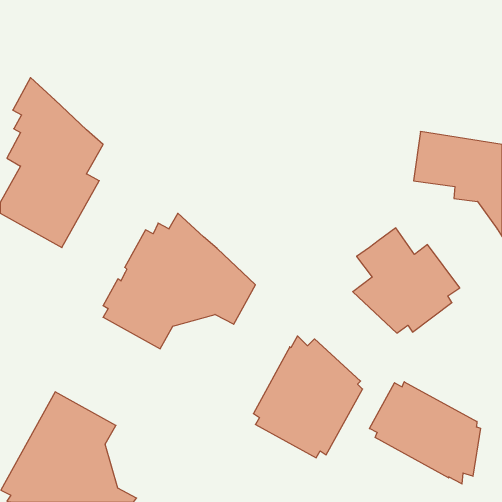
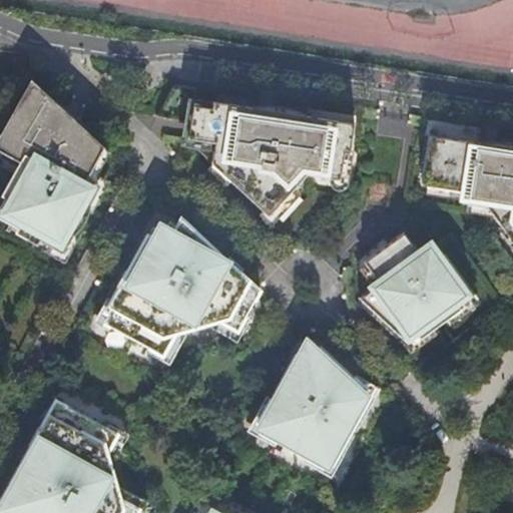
building: none -> [156,85,355,215]
building: [369,382,481,484] -> none

